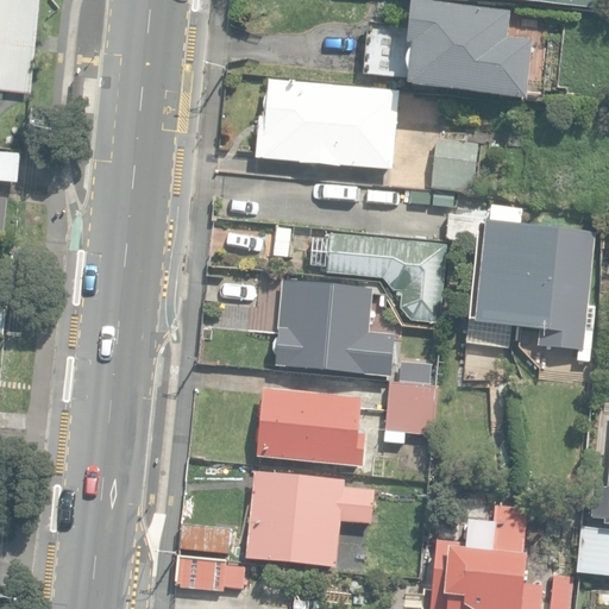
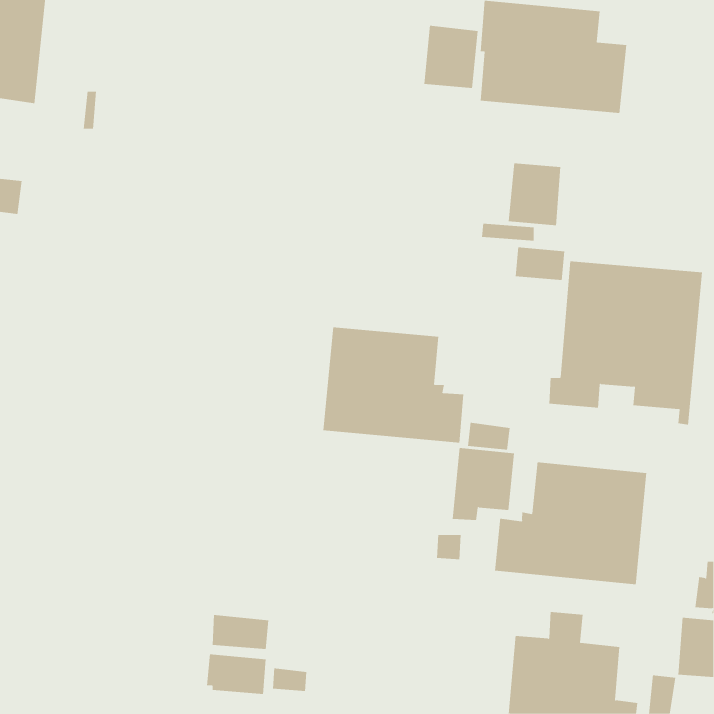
building: [256,79,398,168] -> none
building: [308,232,445,321] -> none
building: [253,387,365,465] -> none
building: none -> [494,462,647,585]
building: [247,470,373,564] -> none

